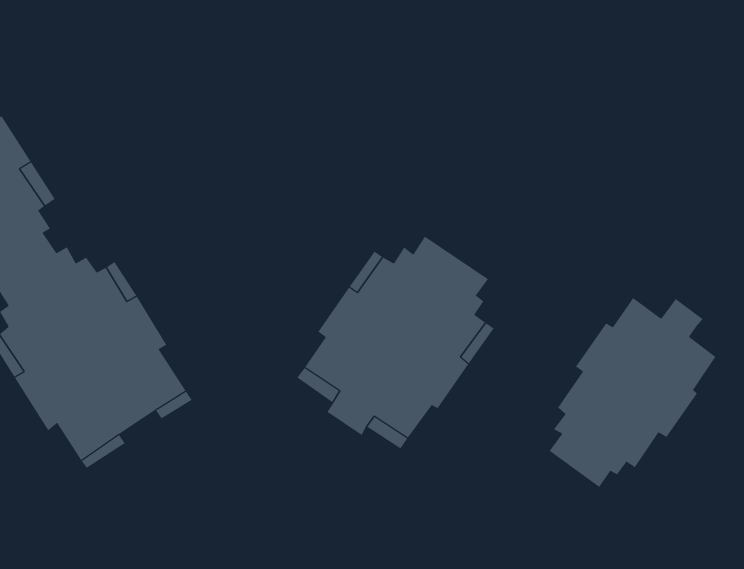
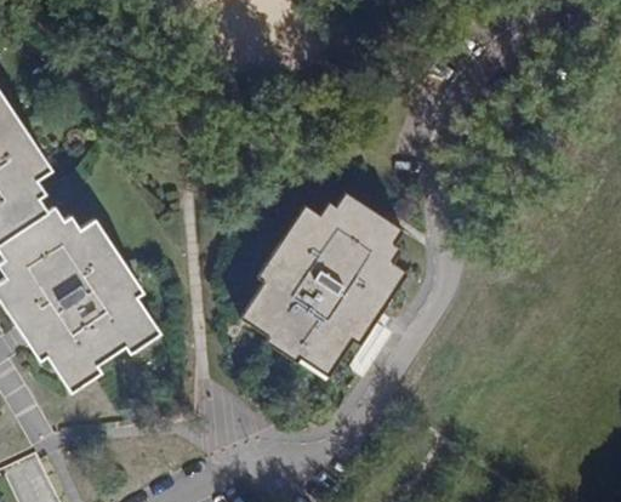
building: [549,297,716,488] -> none

